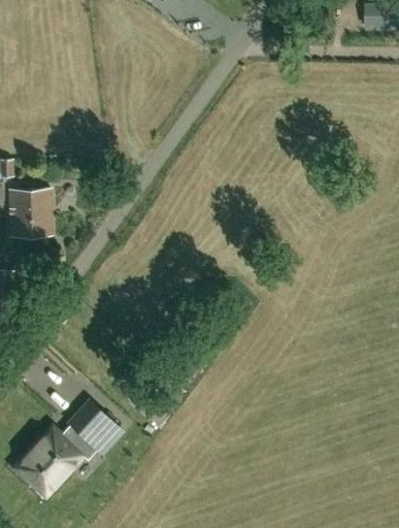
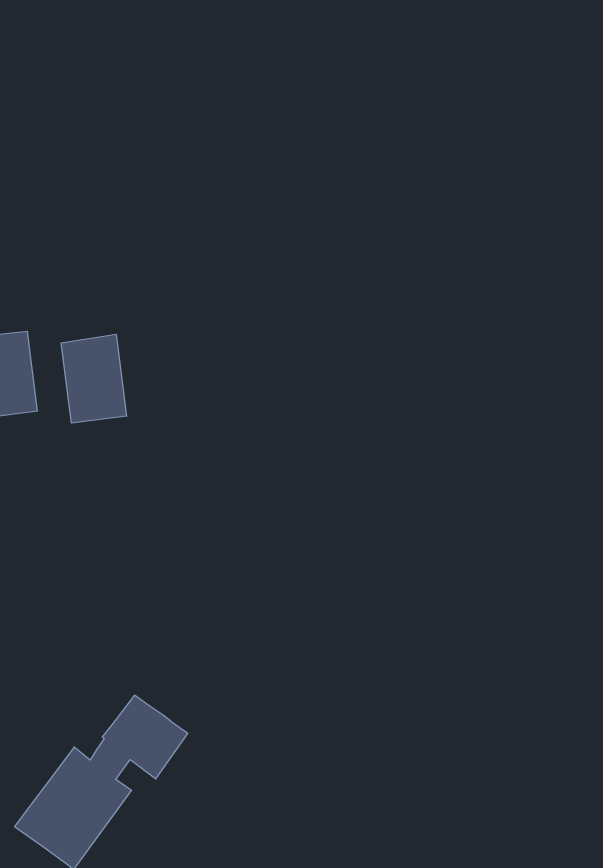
building: none -> [61,334,127,423]

